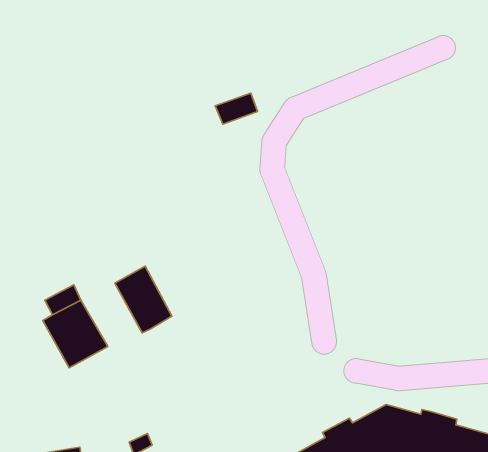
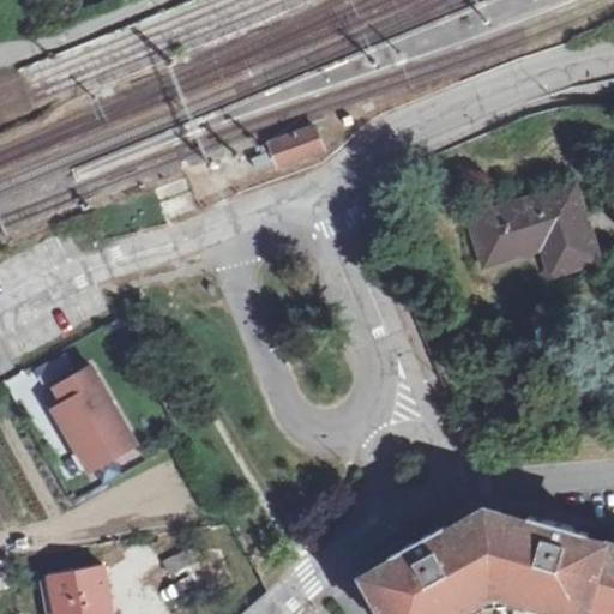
building: none -> [463,181,598,288]
building: [115,266,172,333] -> none

